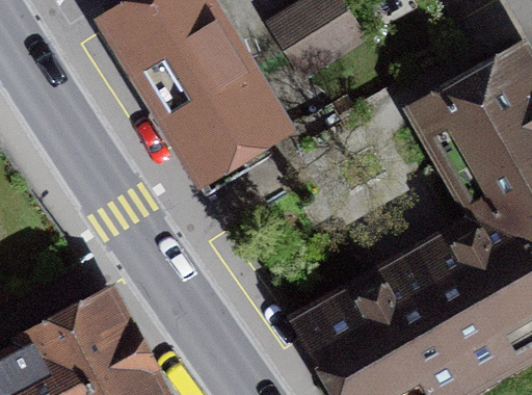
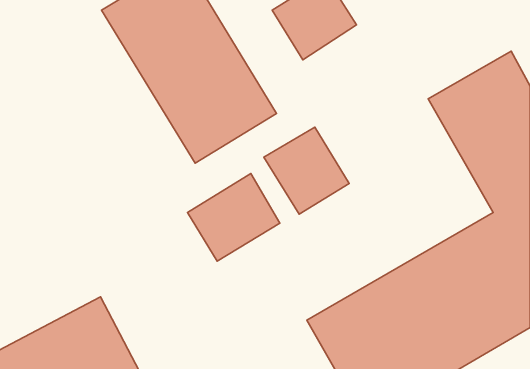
building: none -> [264,127,349,214]
building: none -> [187,173,280,261]

